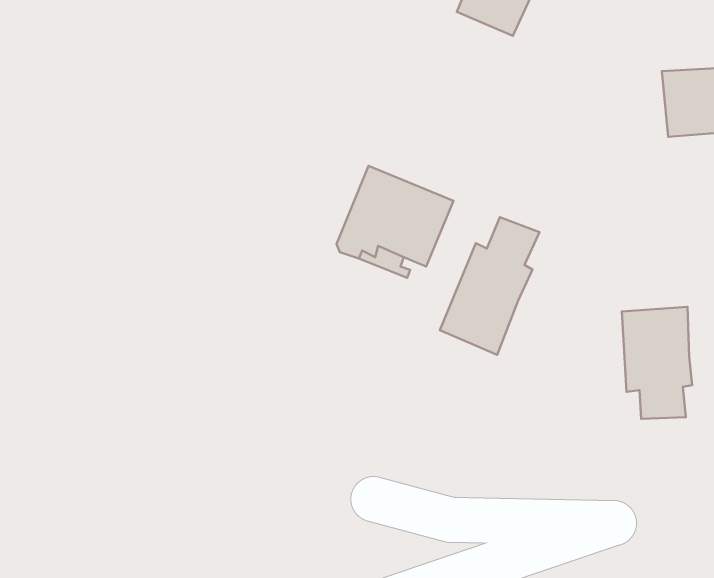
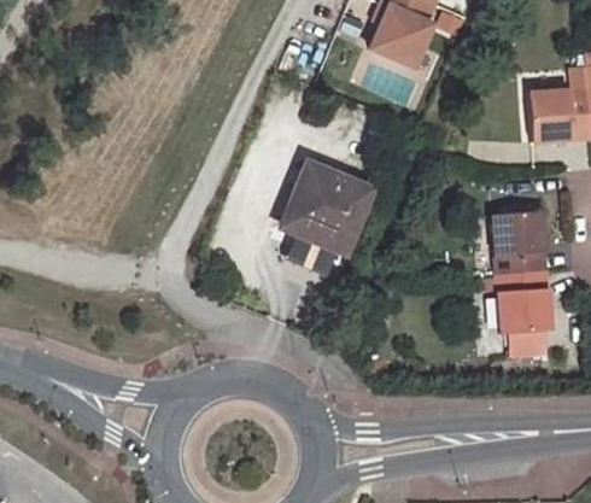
building: [440,217,539,355] -> none
building: none -> [493,211,548,273]

